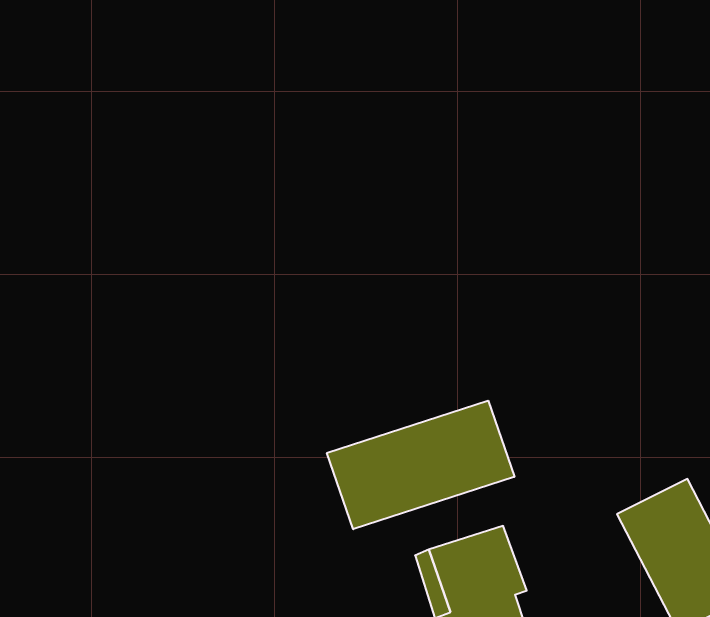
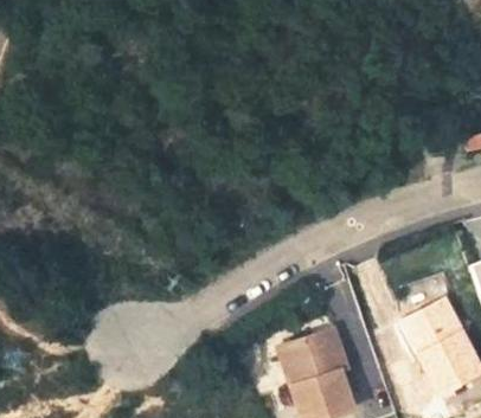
building: [327,401,514,529] -> none

